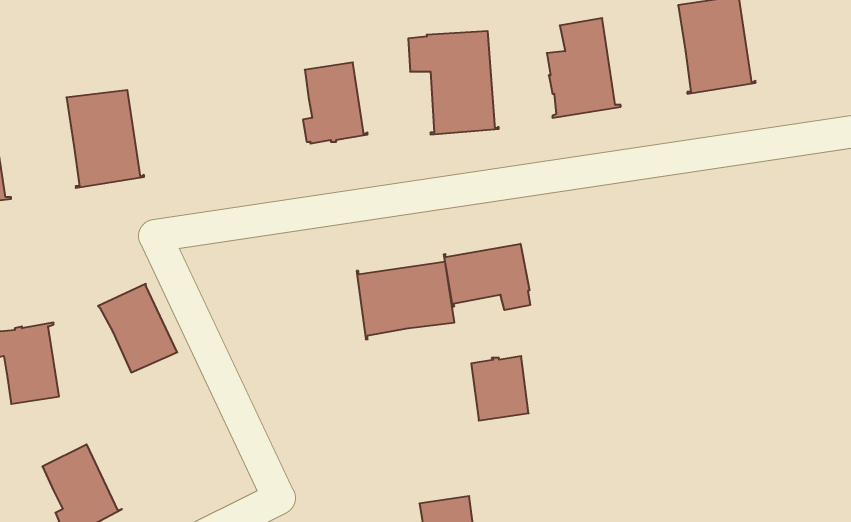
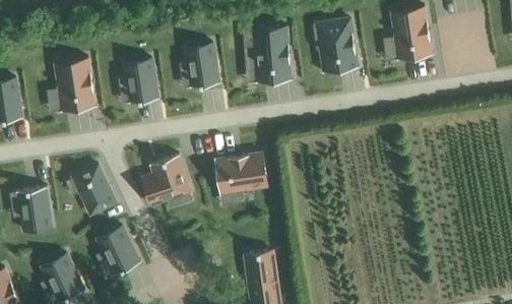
building: none -> [124,58,159,103]
building: [444,244,530,310] -> none
building: none -> [141,155,189,204]
building: [471,356,529,421] -> [245,250,276,286]
building: none -> [98,226,141,276]

